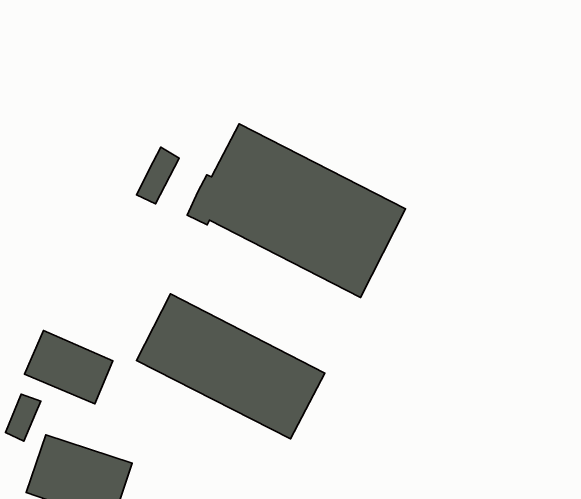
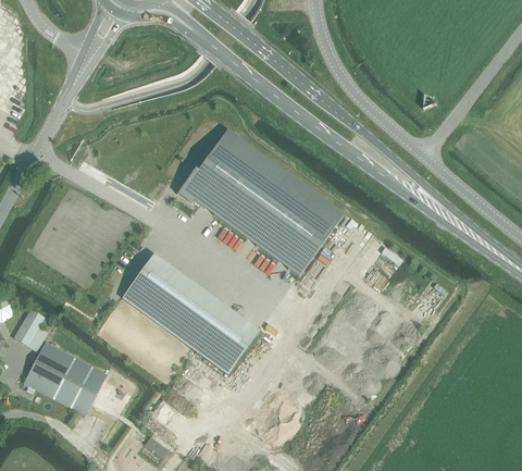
building: [136,147,179,204] -> none
building: [25,331,113,404] -> none

